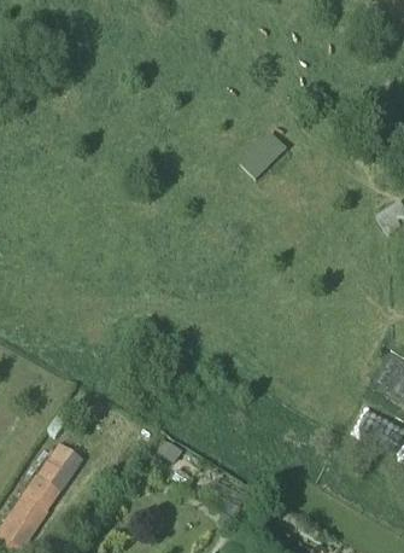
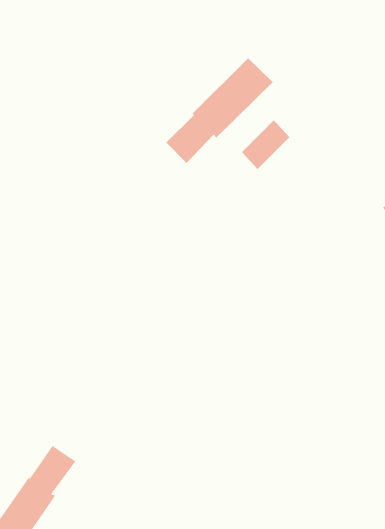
building: none -> [165,58,274,164]

